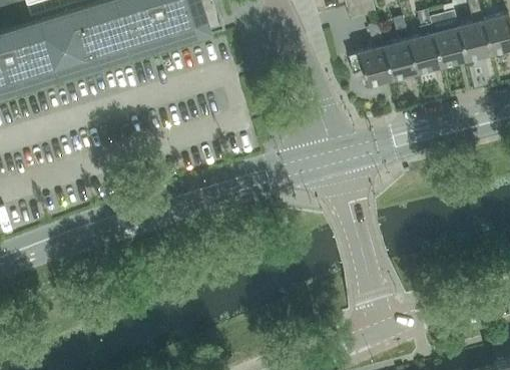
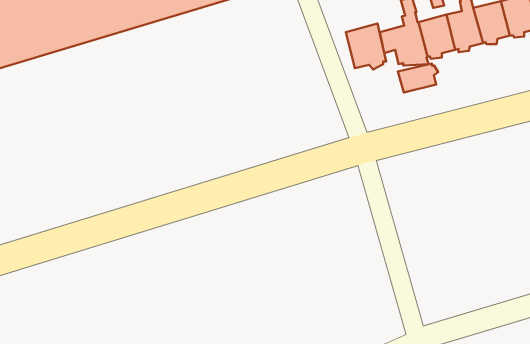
building: none -> [346,24,386,69]
building: none -> [398,64,438,93]

